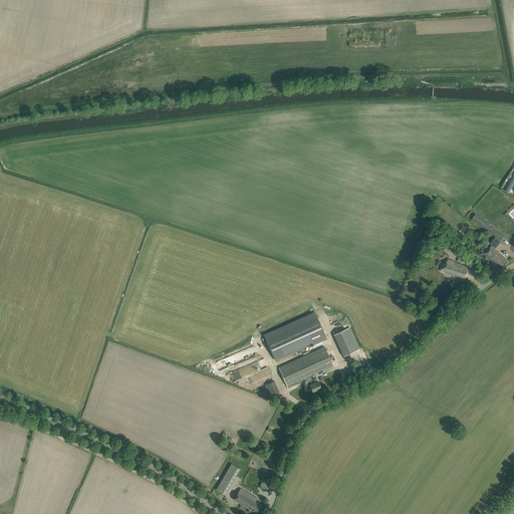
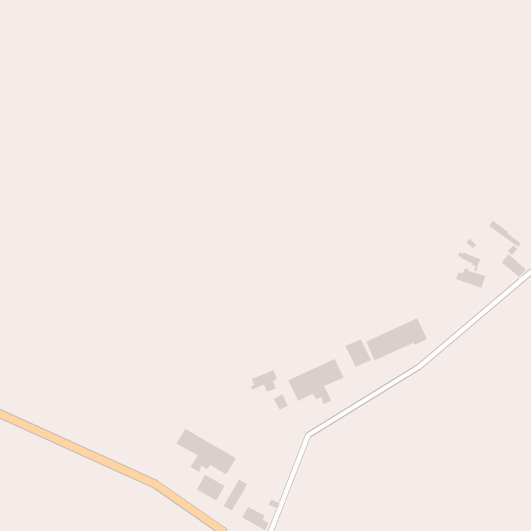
building: [266,317,326,359] -> [365,317,428,361]
building: none -> [176,428,237,475]
building: none -> [196,474,225,502]

